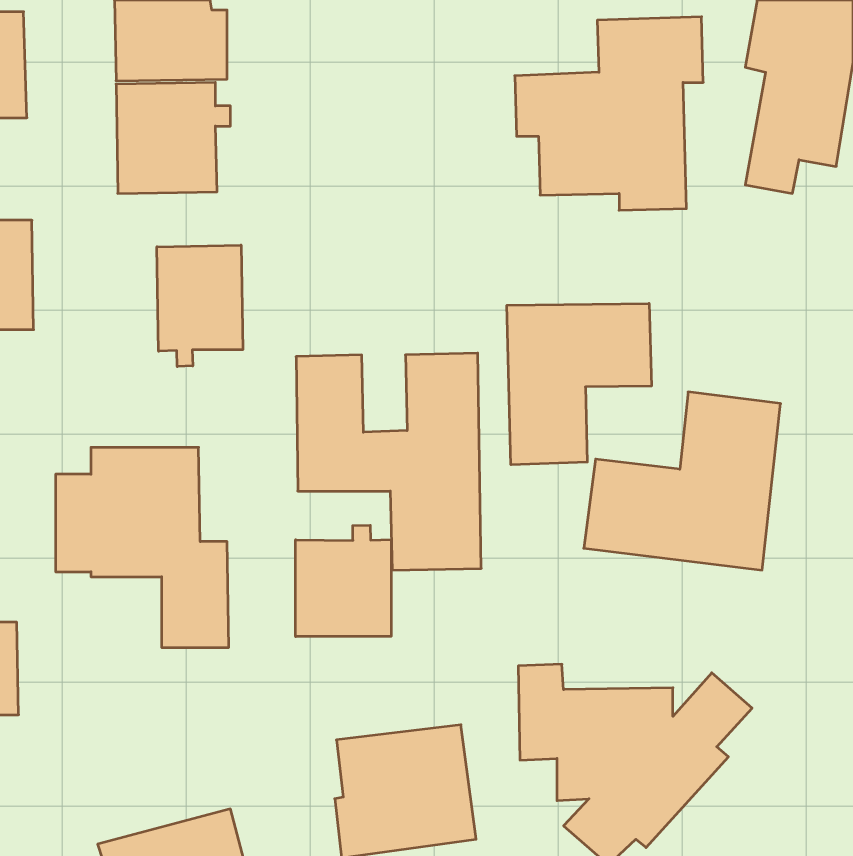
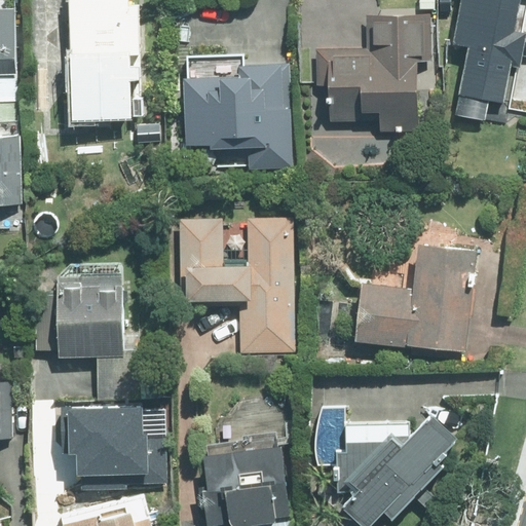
building: none -> [187,54,293,166]
building: [157,245,243,367] -> none
building: [507,303,651,465] -> none
building: [296,525,391,637] -> none
building: none -> [60,411,165,491]

